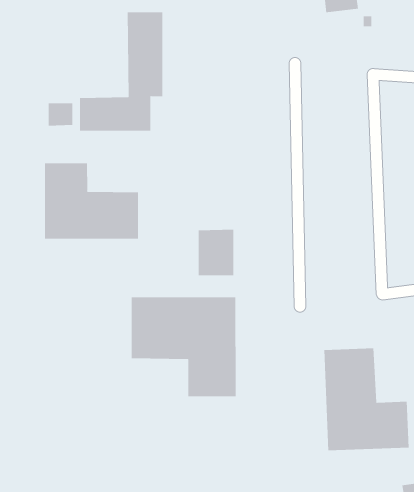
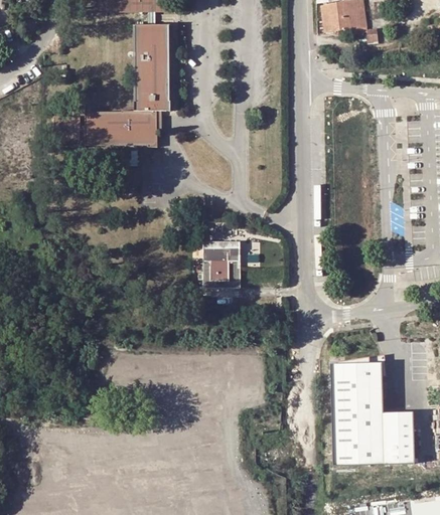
building: [44,162,139,240] -> none
building: [131,297,236,397] -> none

